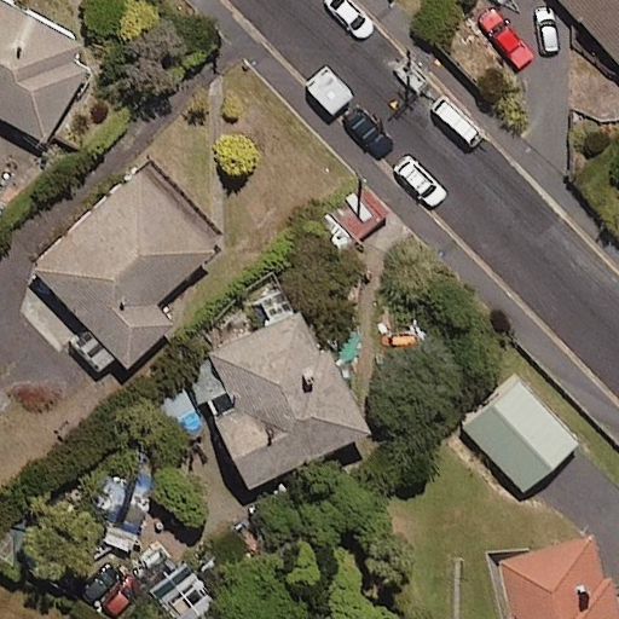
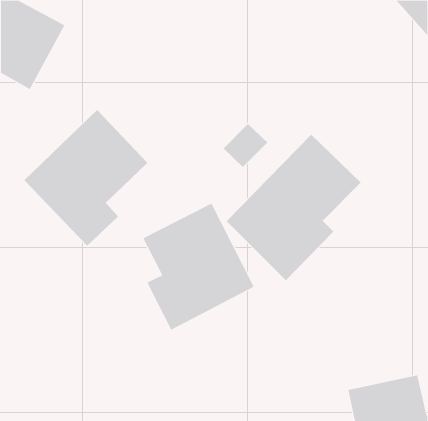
building: none -> [226,134,361,281]
building: [464,384,575,496] -> none

